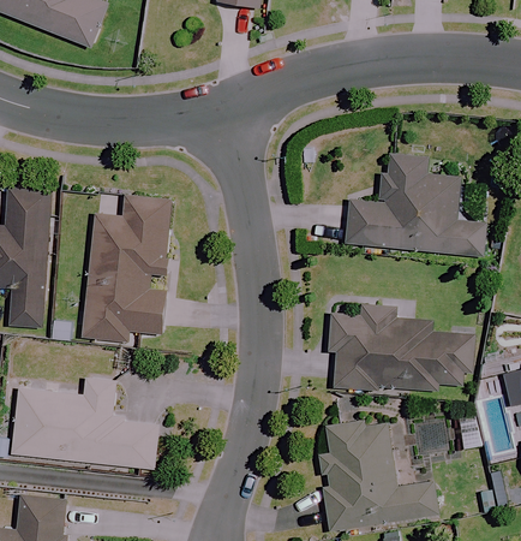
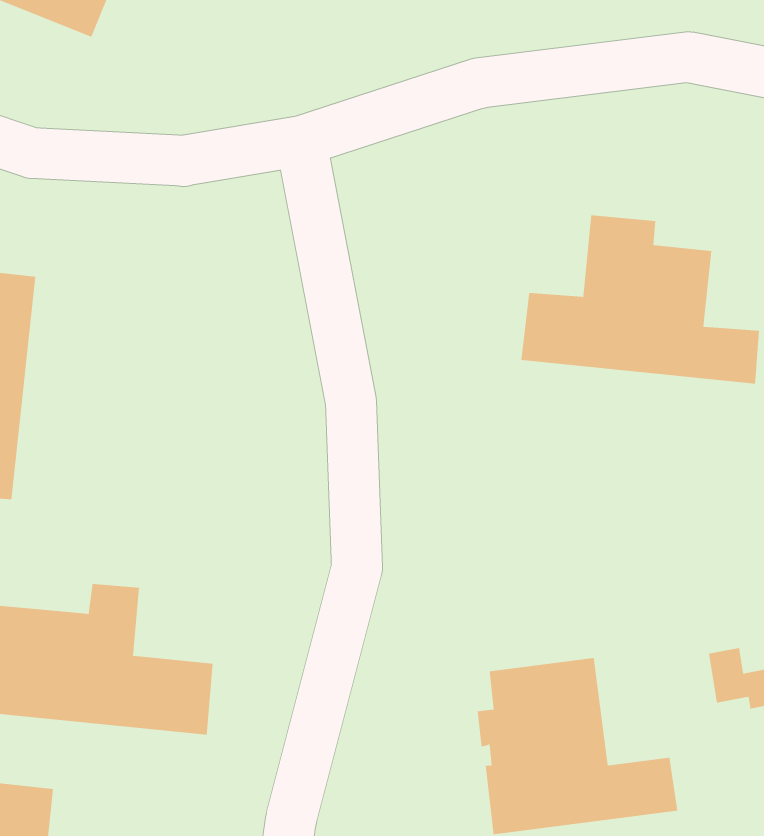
building: [82,195,173,341] -> none
building: [329,305,473,388] -> none

